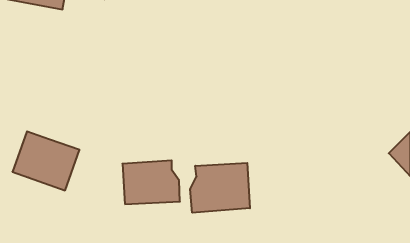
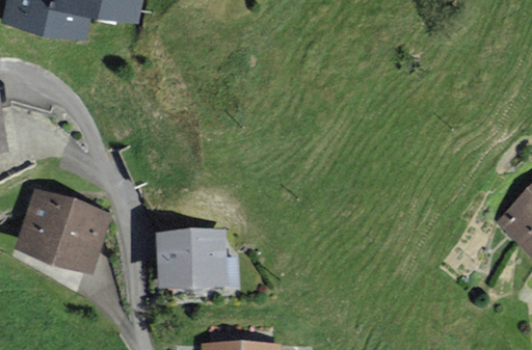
building: [190,163,250,213] -> none

